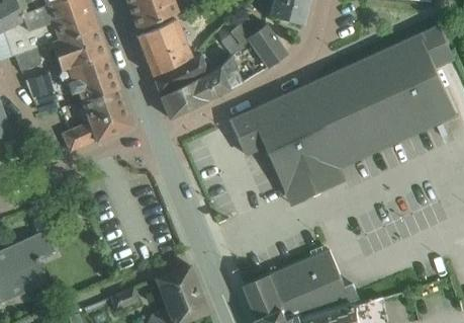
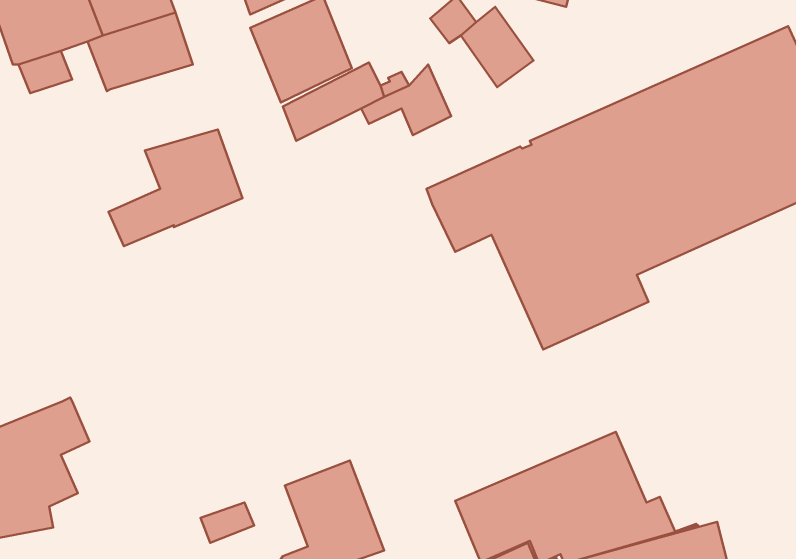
building: [63,55,119,100] -> none
building: [24,72,54,99] -> none
building: [161,78,222,117] -> none

